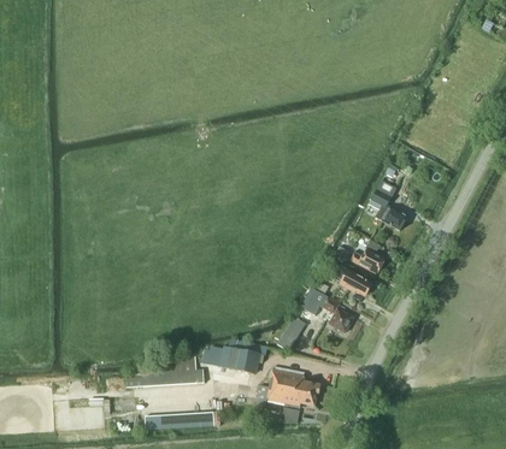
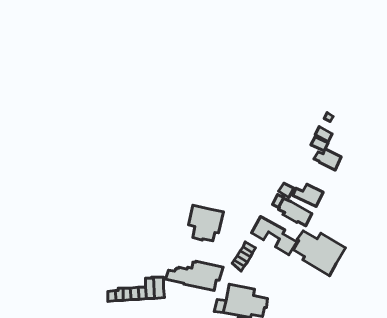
building: none -> [188,205,224,241]
building: none -> [294,231,346,276]

